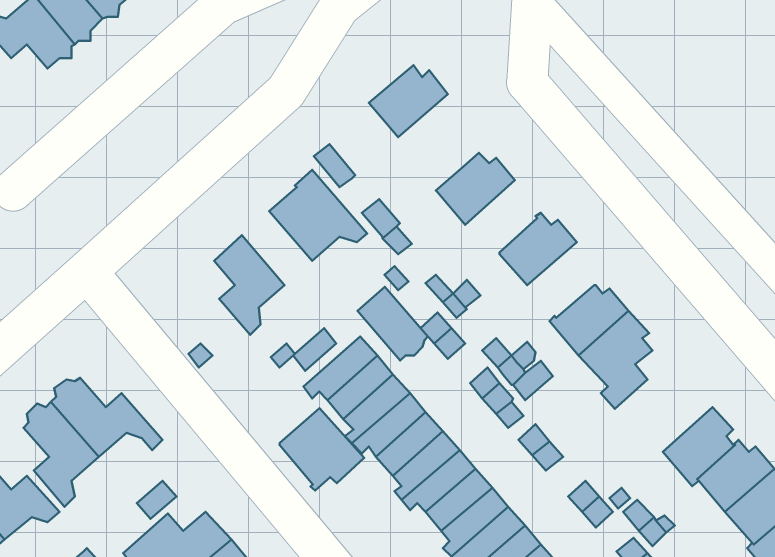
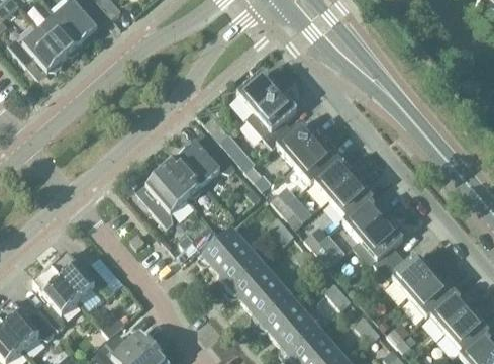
building: none -> [249,87,298,148]
building: none -> [294,138,336,183]
building: none -> [330,174,374,218]
building: [357,287,428,361] -> [163,156,204,199]
building: none -> [382,255,439,297]
building: [279,408,364,491] -> none

